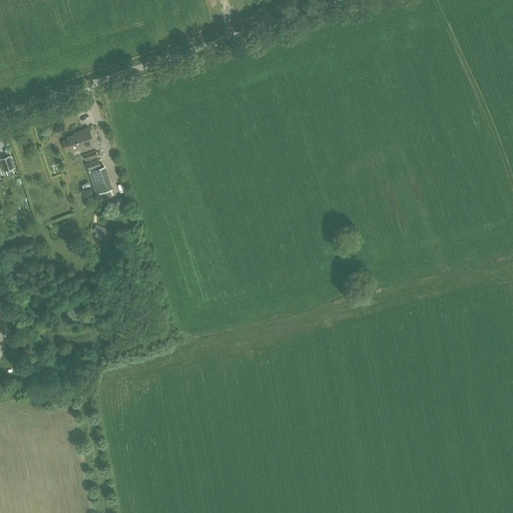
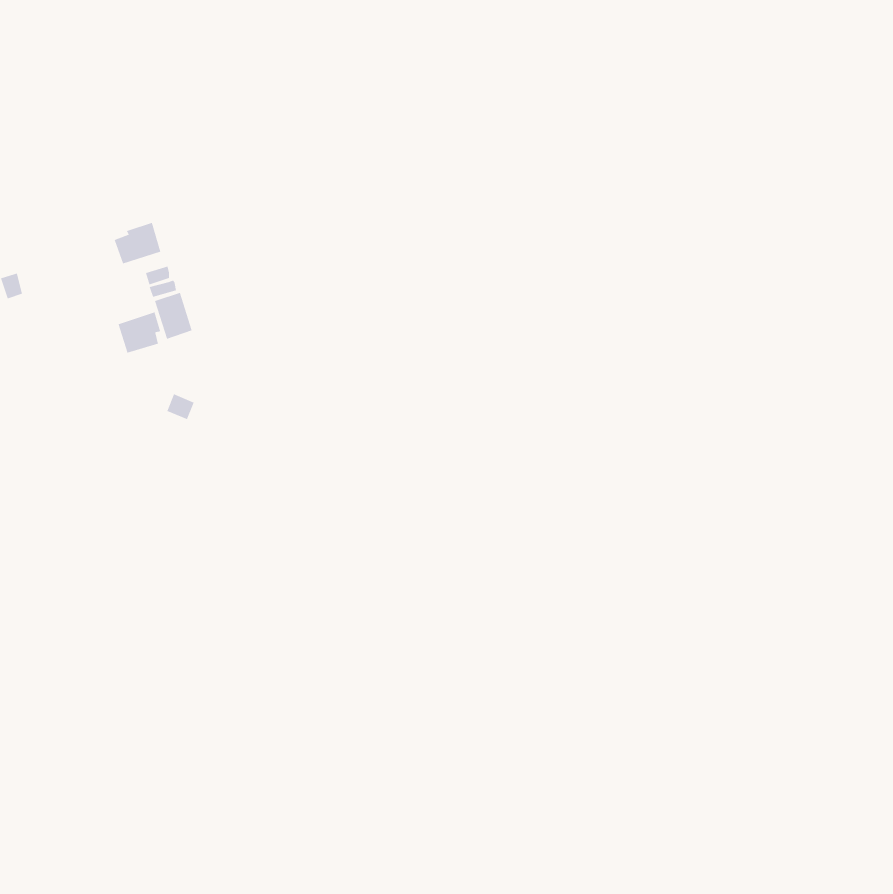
building: none -> [118,312,161,353]

